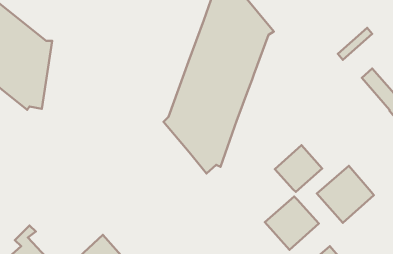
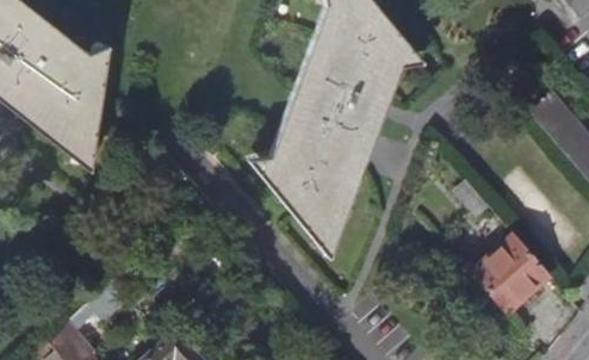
building: [275,145,322,192] -> none
building: [265,197,319,250] -> none

